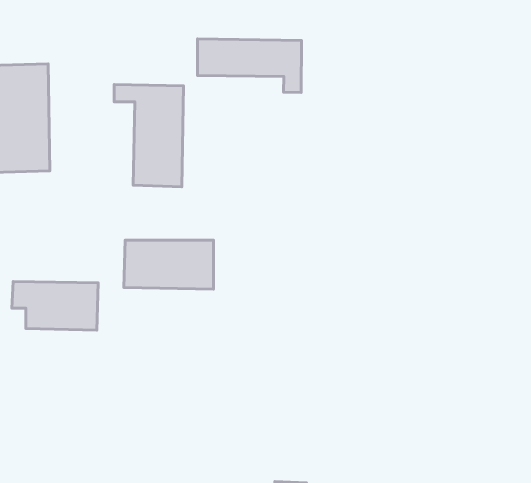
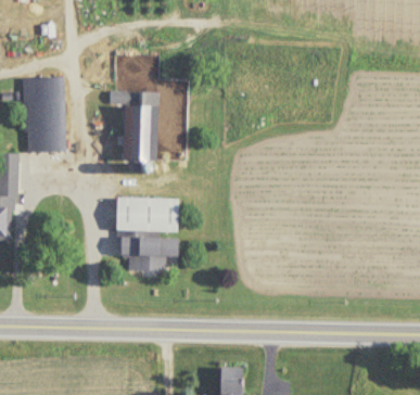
building: [197,39,302,93] -> none
building: [12,281,98,330] -> [118,238,178,271]

